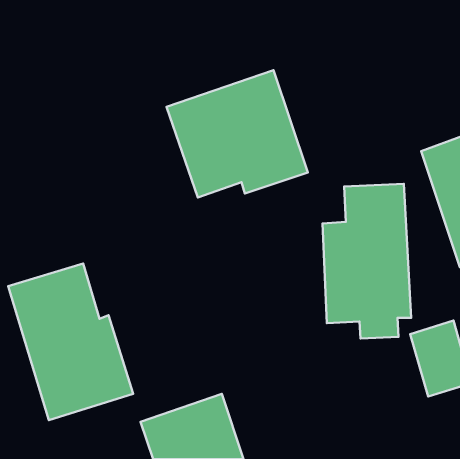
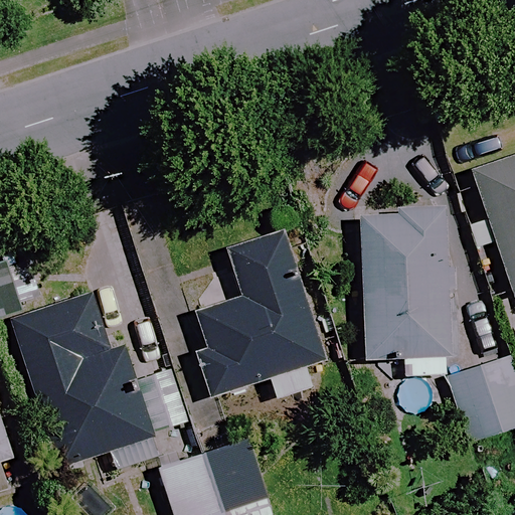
building: [167,70,308,198] -> none
building: none -> [196,225,328,400]

